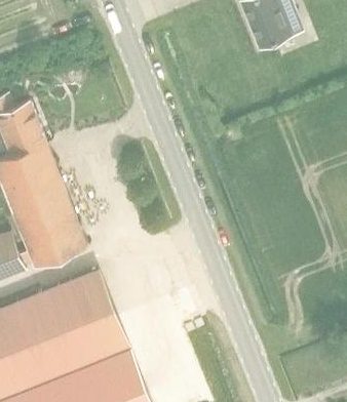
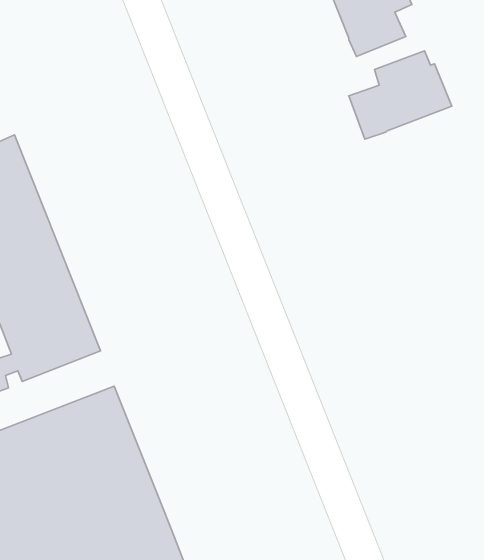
building: none -> [349,51,452,139]

